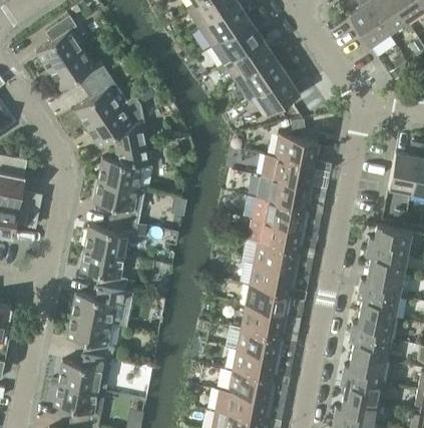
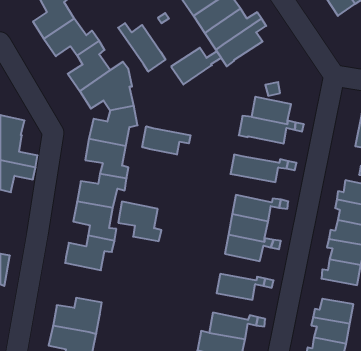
building: none -> [118,23,165,72]
building: [256,75,310,115] -> [171,48,221,85]
building: none -> [142,126,191,155]
building: [266,178,310,207] -> none
building: [248,220,301,251] -> none
building: [241,307,284,336] -> none
building: [67,317,114,360] -> [118,202,161,241]
building: [349,334,390,362] -> none
building: [233,350,276,379] -> none

